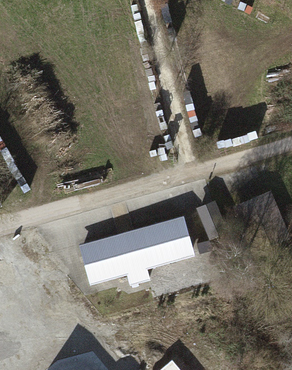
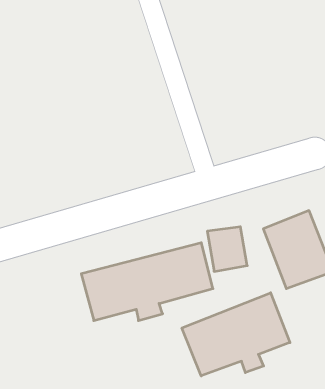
building: none -> [182,293,290,376]

